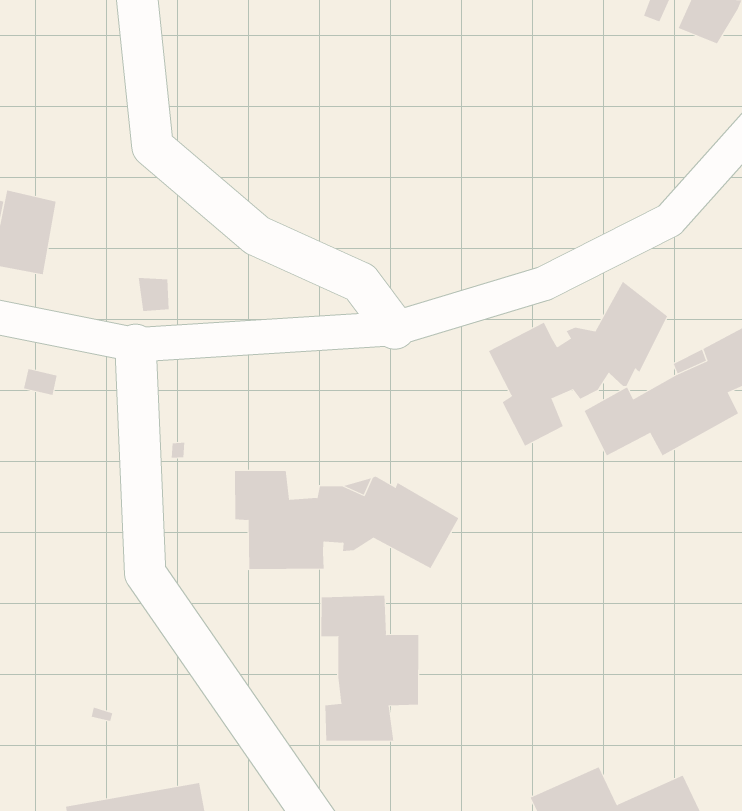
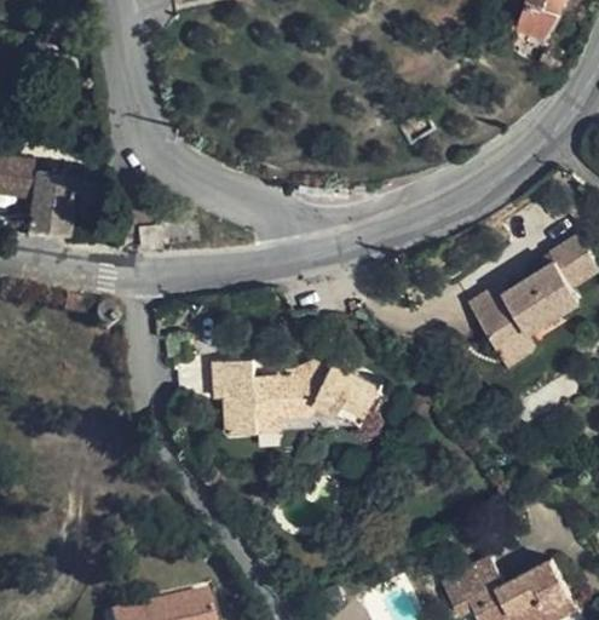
building: [488,281,668,447] -> none
building: none -> [483,320,531,368]
building: [321,595,419,742] -> none

